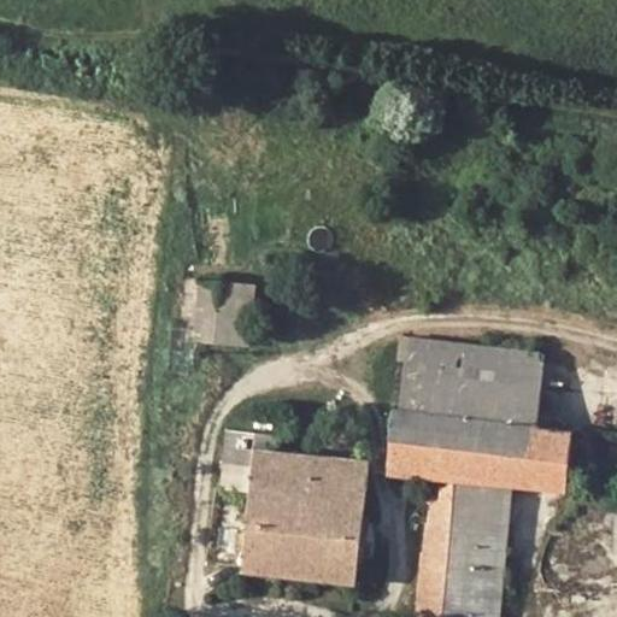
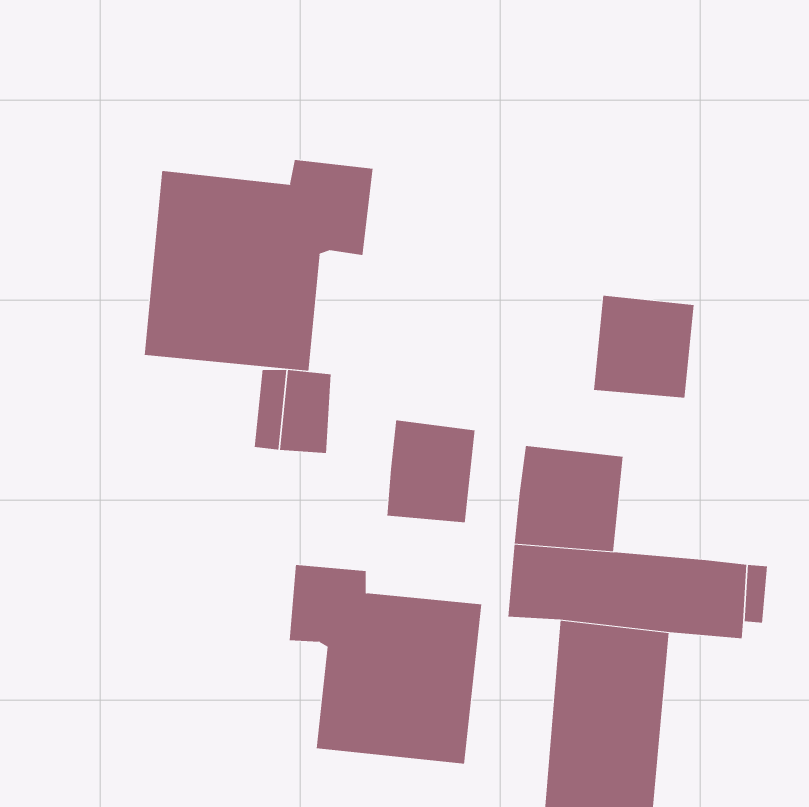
building: none -> [144,159,373,372]
building: none -> [387,420,475,523]
building: [468,349,545,428] -> [593,295,695,398]

